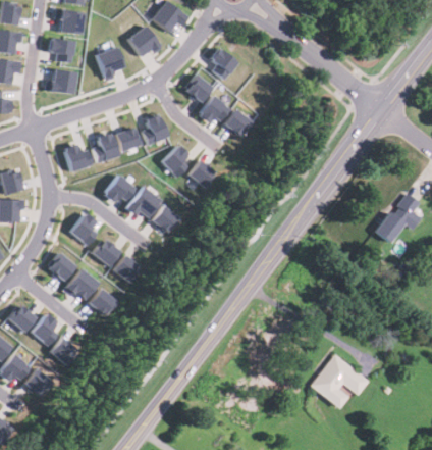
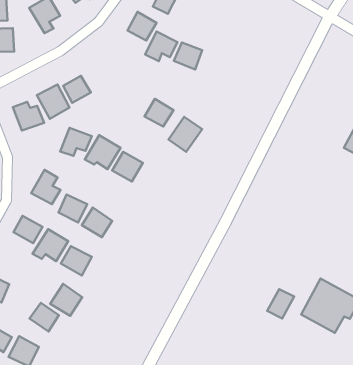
building: [145,113,169,146] -> none
building: [161,143,195,177] -> [168,117,202,152]
building: [31,314,62,346] -> [50,284,82,316]
building: none -> [267,289,294,318]

